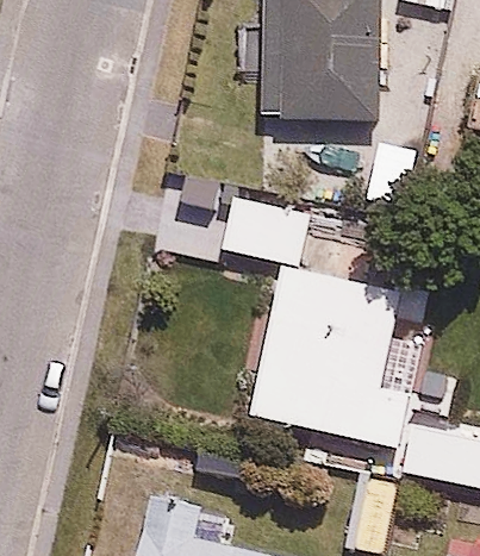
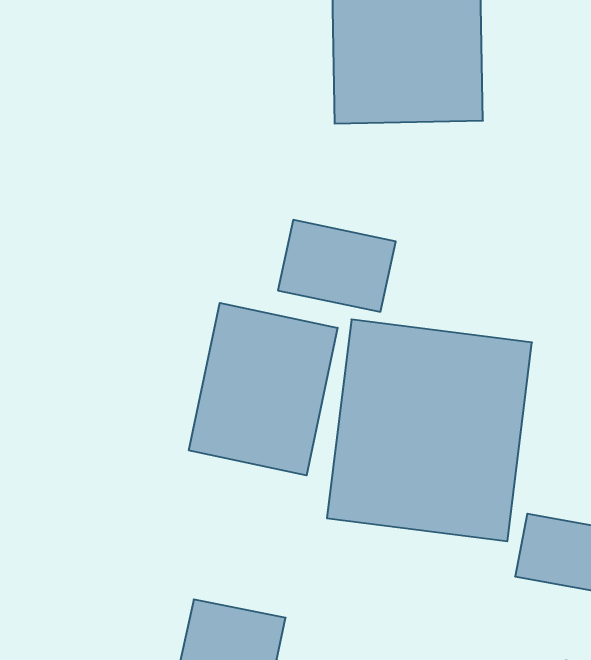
building: none -> [189,303,338,475]

